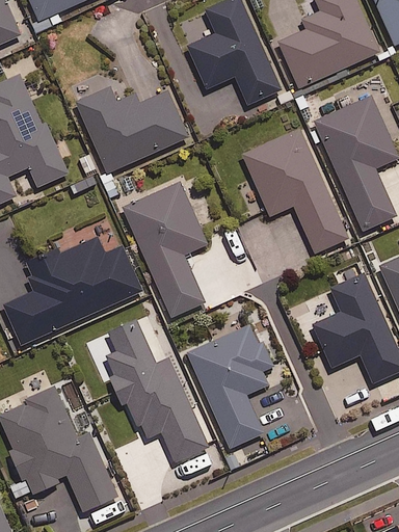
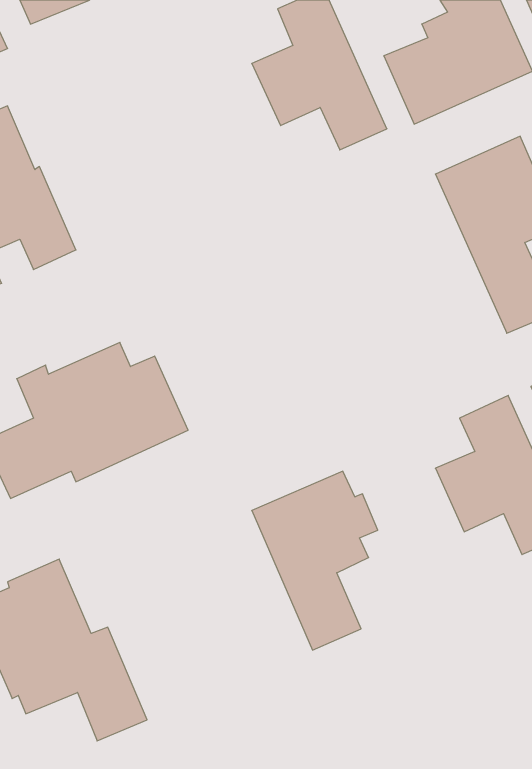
building: [76,85,188,172] -> none
building: [244,130,347,252] -> none
building: [123,182,207,317] -> none
building: [105,321,210,462] -> none

